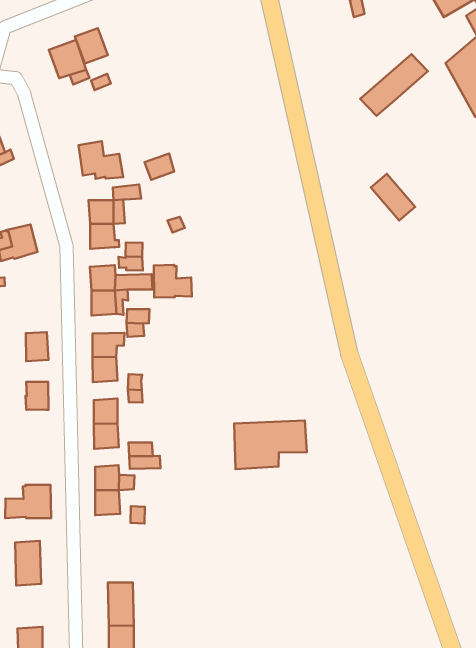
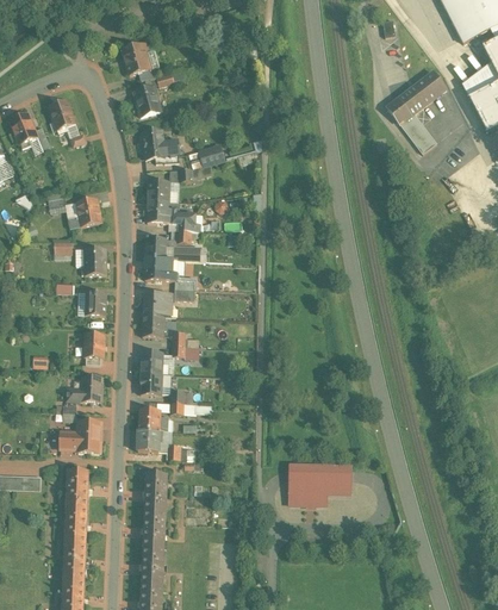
building: [75,28,108,64] -> [135,86,162,116]
building: [371,174,415,220] -> [400,112,437,152]
building: [154,265,192,298] -> none
building: none -> [82,248,107,275]
building: [234,420,307,469] -> [290,465,351,504]
building: none -> [68,375,104,402]
building: none -> [145,472,168,510]
building: none -> [66,506,88,543]

